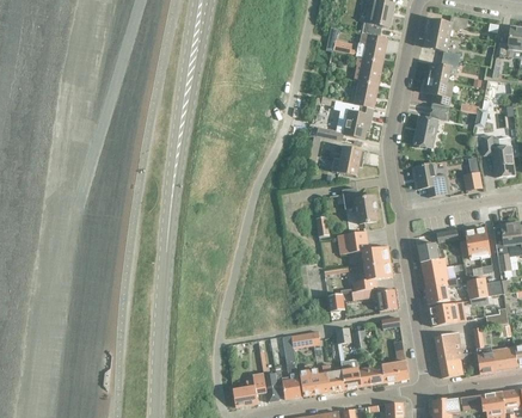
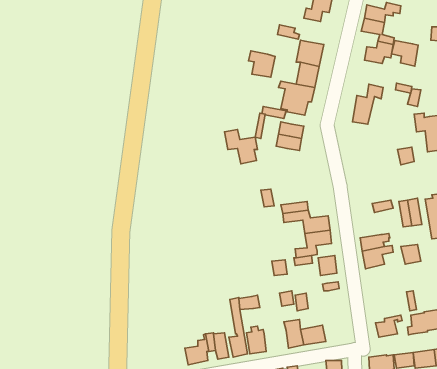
building: [360,32,388,61] -> [249,51,275,77]
building: [424,78,453,105] -> [392,41,418,66]
building: [413,162,450,197] -> none
building: [342,188,377,225] -> [224,130,258,164]
building: [418,242,446,270] -> none
building: [431,301,465,326] -> none
building: [435,332,467,362] -> none
building: [382,340,409,382] -> none
building: [319,364,345,393] -> none

